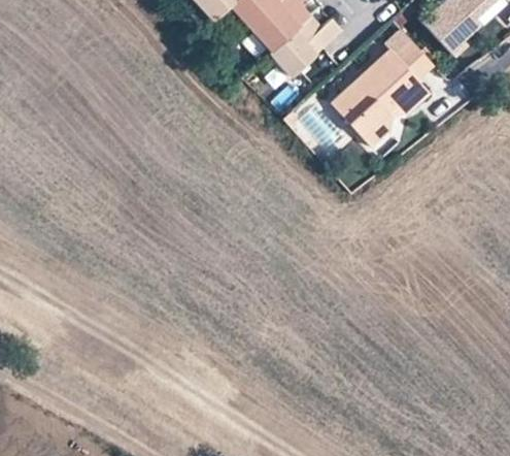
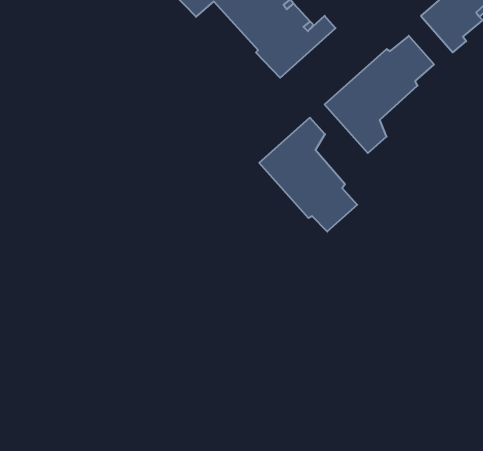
building: none -> [259,118,357,232]

